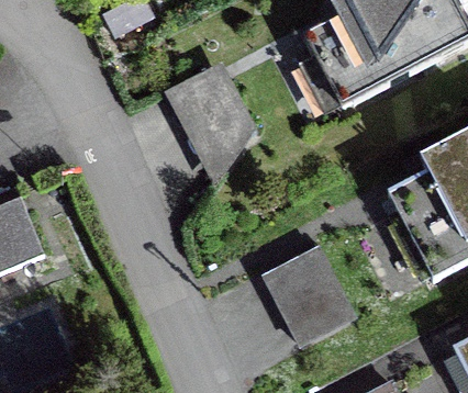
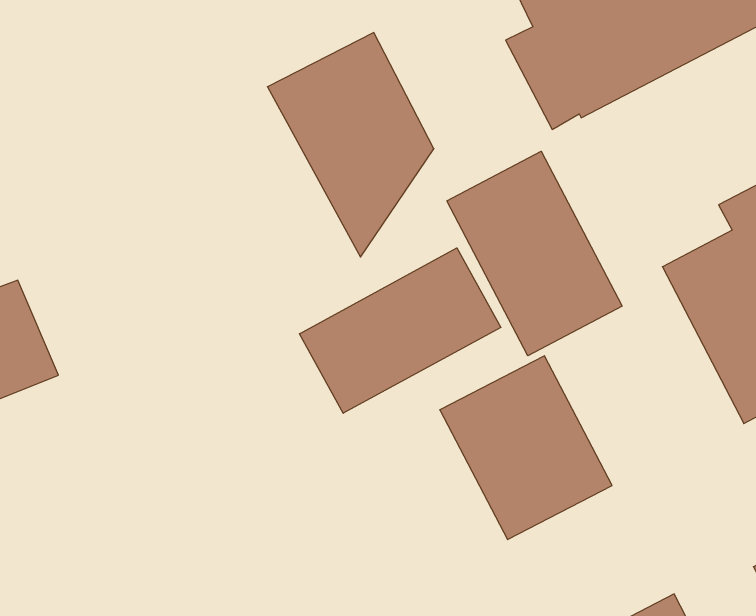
building: none -> [447,151,622,356]
building: none -> [299,248,501,413]

